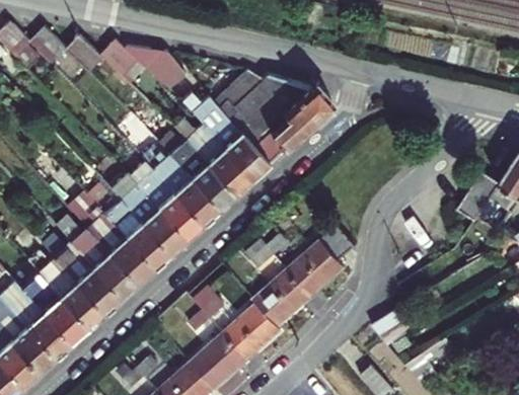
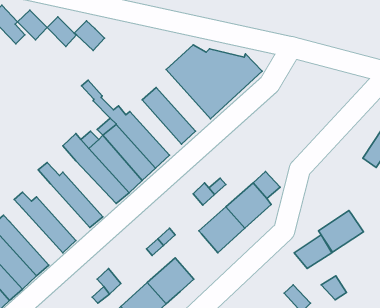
building: [126,48,190,94] -> none
building: [191,94,269,176] -> none
building: [159,132,233,206] -> none
building: [70,199,152,282] -> none
building: [42,233,120,311] -> none
building: [20,271,86,341] -> none
building: none -> [319,211,364,252]
building: [225,303,281,359] -> none

